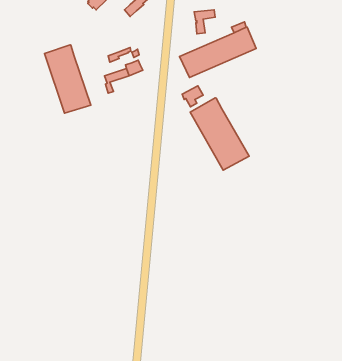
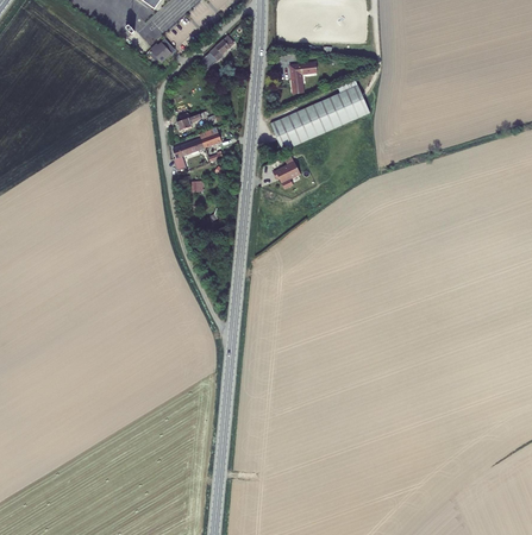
building: [44,45,91,113] -> none
building: [190,98,249,170] -> none

